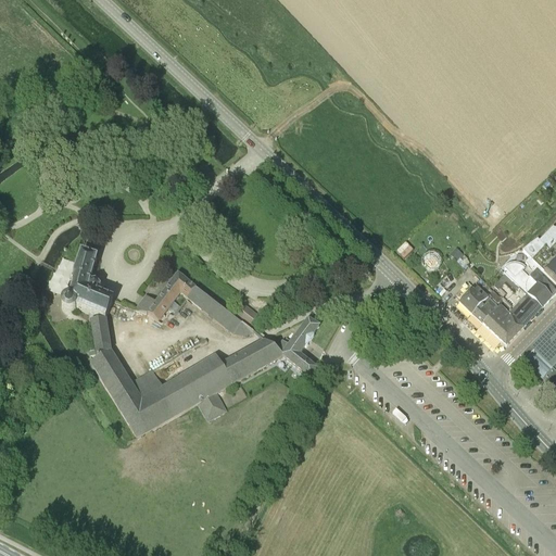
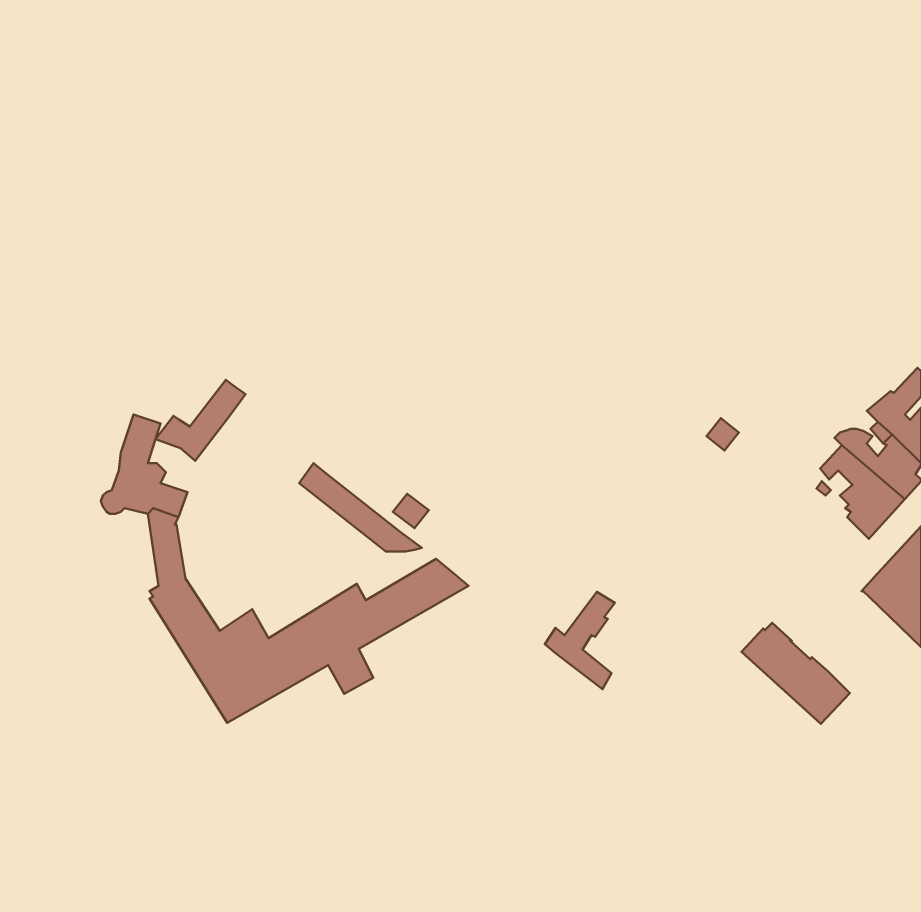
building: [135,270,189,319] -> [155,380,246,461]
building: [458,282,523,343] -> [742,623,850,724]
building: [276,316,318,375] -> [545,592,615,689]

